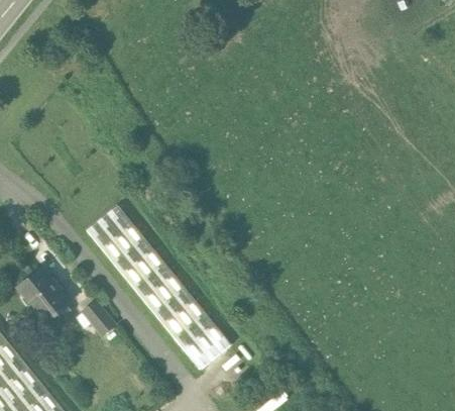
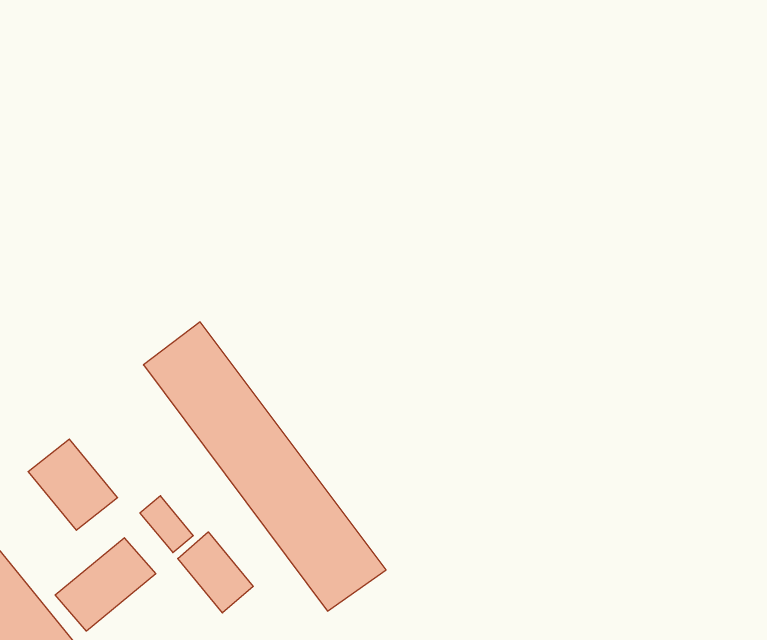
building: none -> [178,532,253,613]
building: none -> [55,538,156,631]

